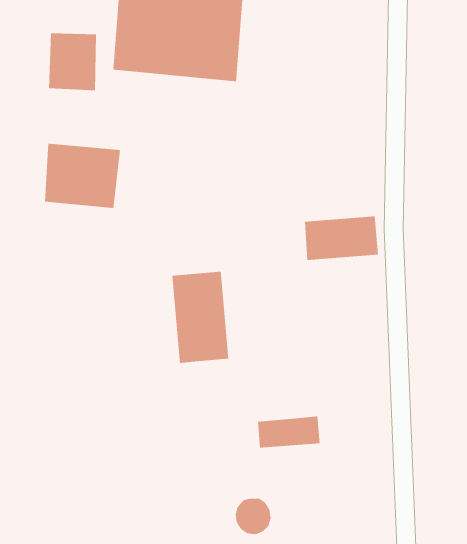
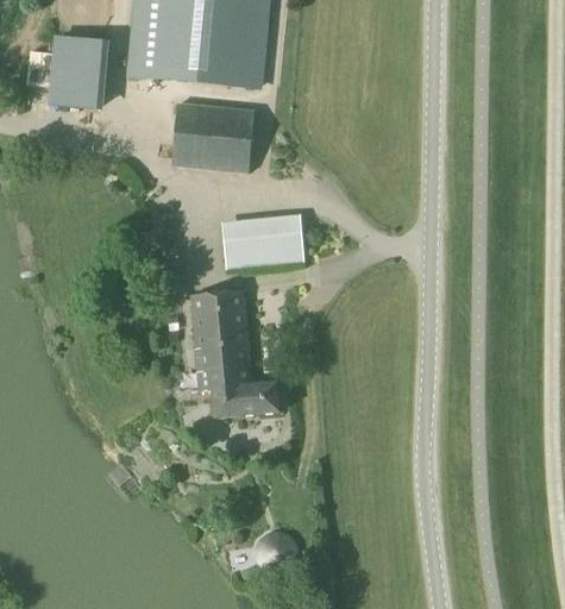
building: [44,143,121,209] -> [172,102,255,172]
building: [304,216,379,260] -> [220,219,300,266]
building: [257,416,320,448] -> [211,382,278,416]

